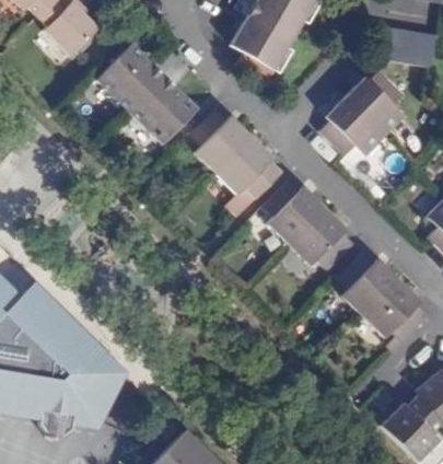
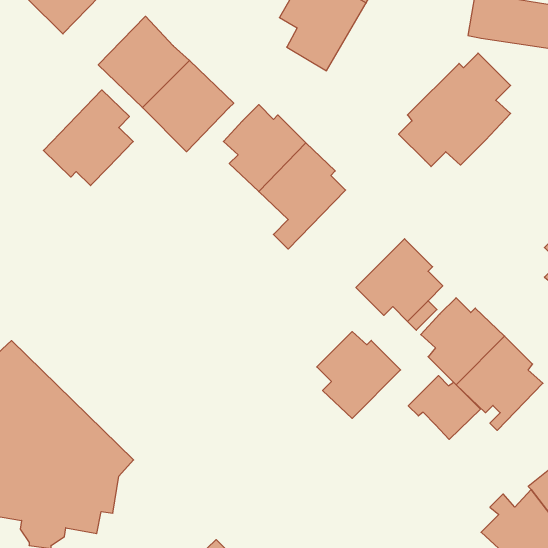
building: none -> [43,90,133,186]
building: [263,179,325,244] -> [317,332,401,418]
building: none -> [408,376,480,439]

